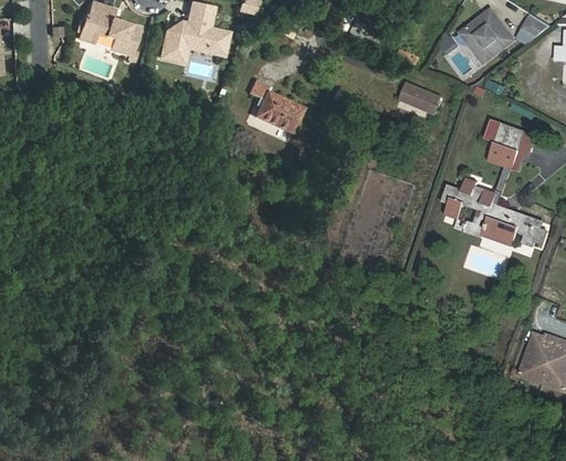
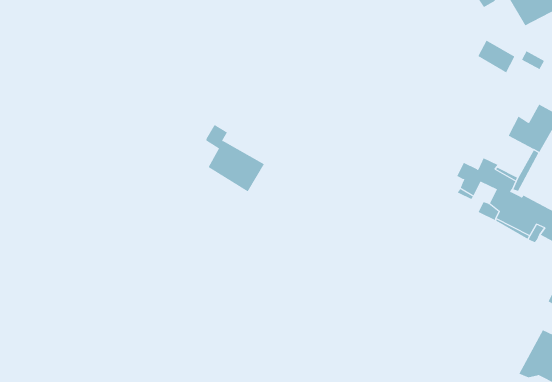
building: [250,80,305,135] -> [205,124,265,192]
building: [400,82,433,108] -> [478,40,515,73]

